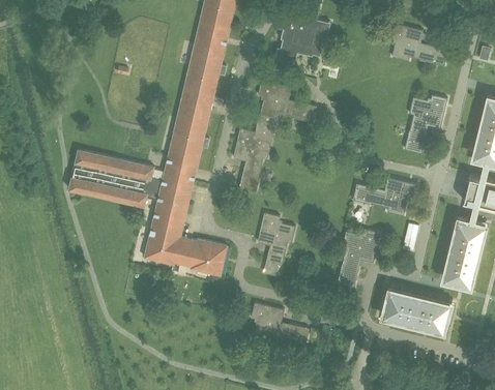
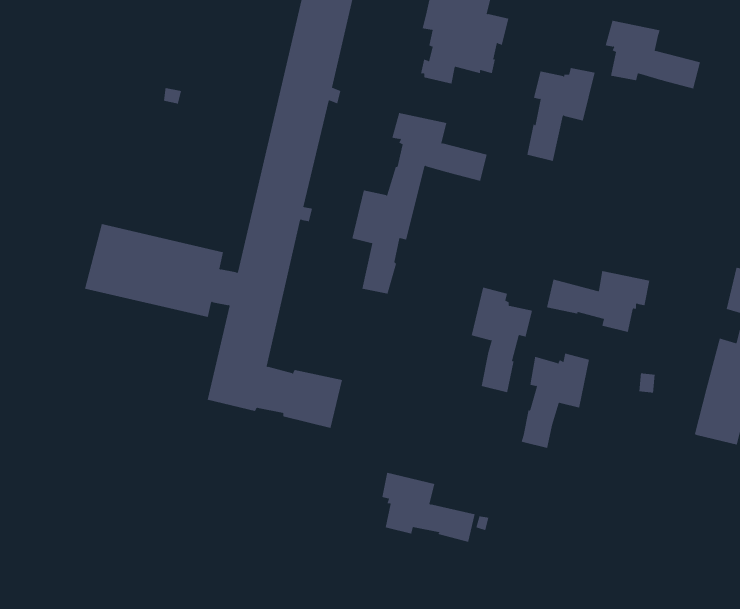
building: [404,95,446,153] -> [527,67,595,162]
building: [257,212,295,277] -> [471,287,533,393]
building: [383,290,449,331] -> none

